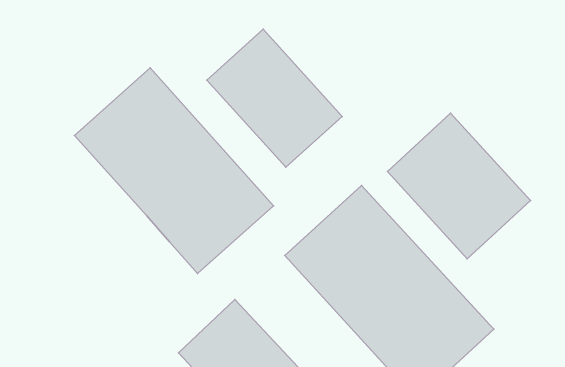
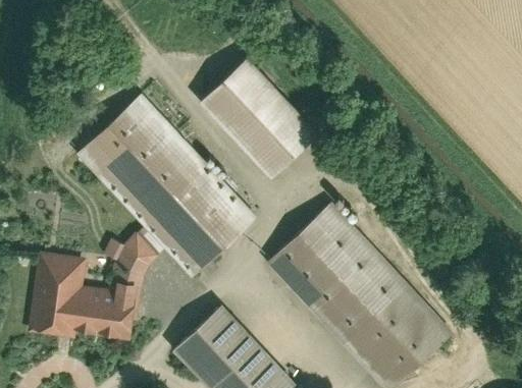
building: [387,113,530,259] -> none
building: none -> [30,226,163,341]

